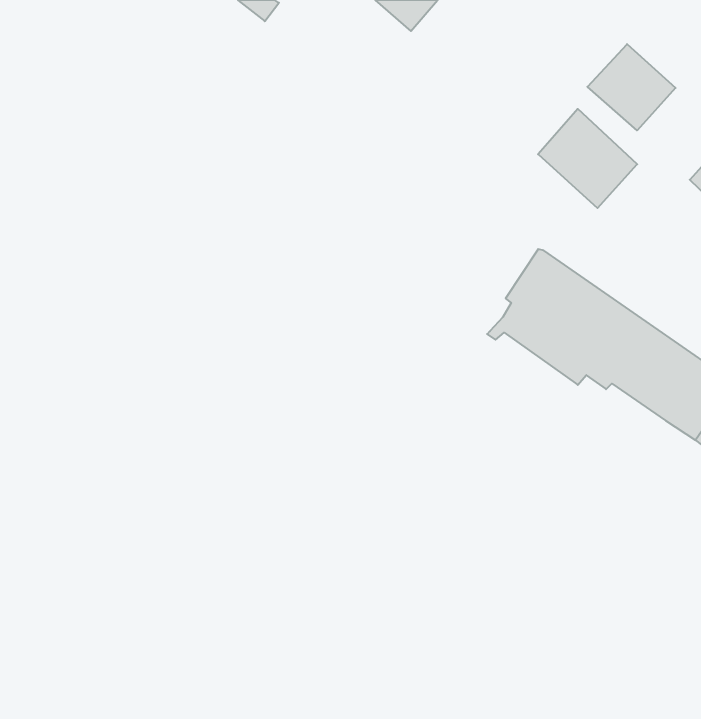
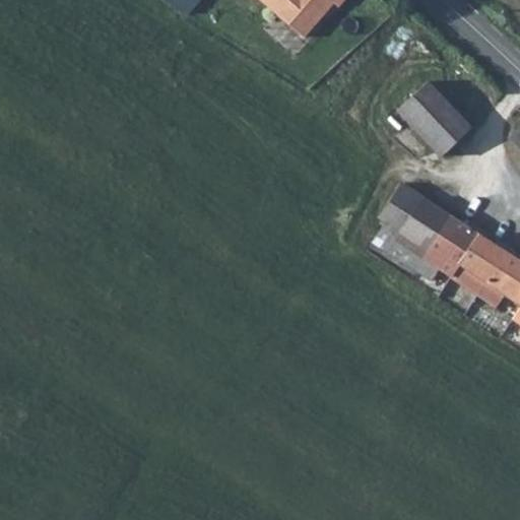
building: [587,44,676,130] -> none

